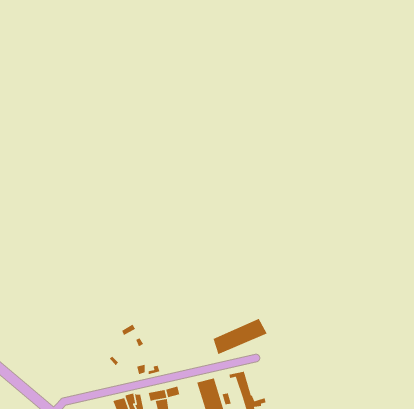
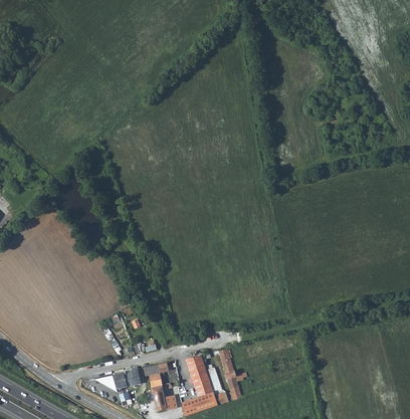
building: [213,318,268,355] -> none

